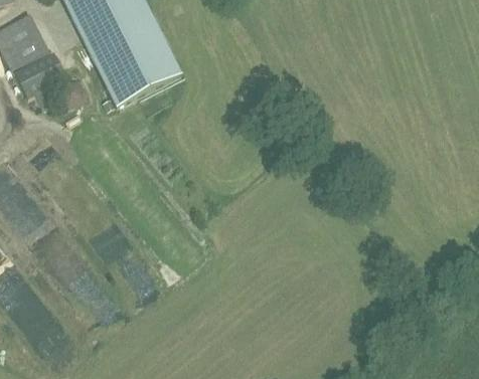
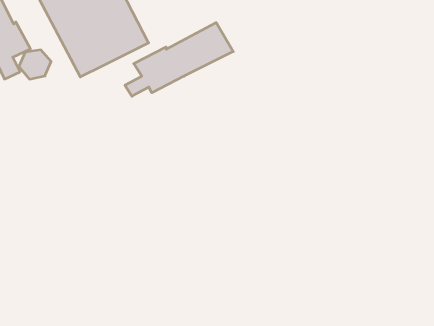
building: none -> [125,23,233,96]

